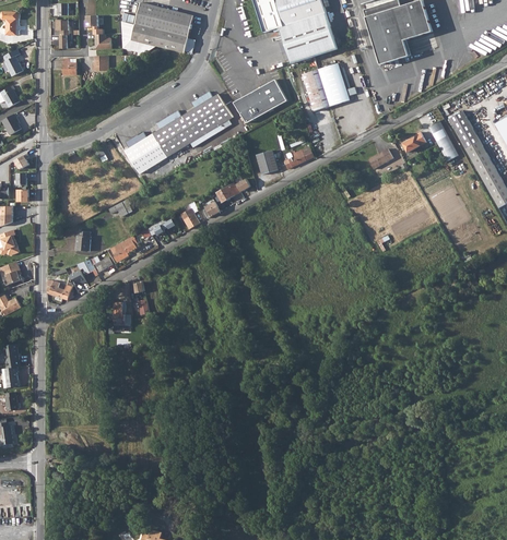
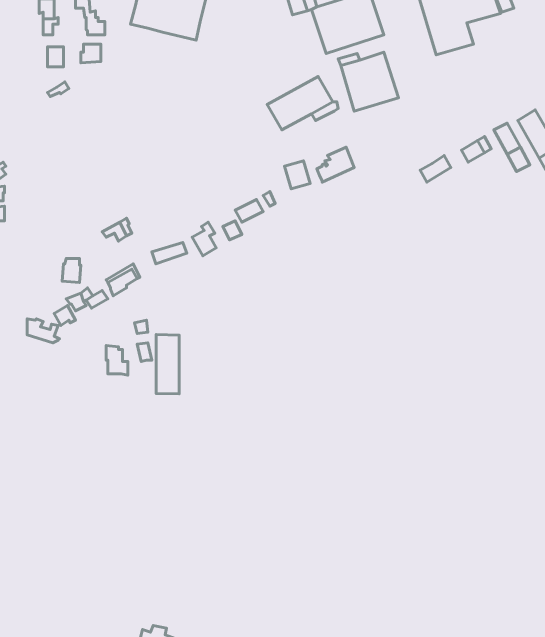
building: [126,91,233,173] -> none
building: none -> [156,335,179,394]

